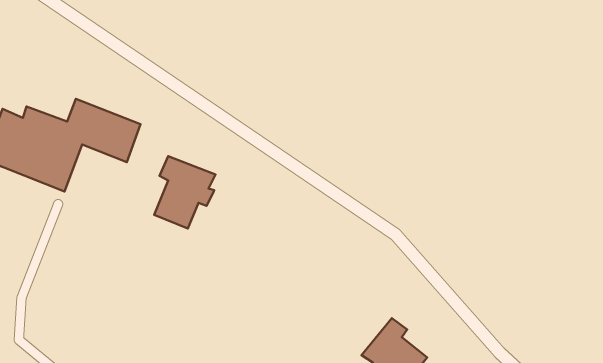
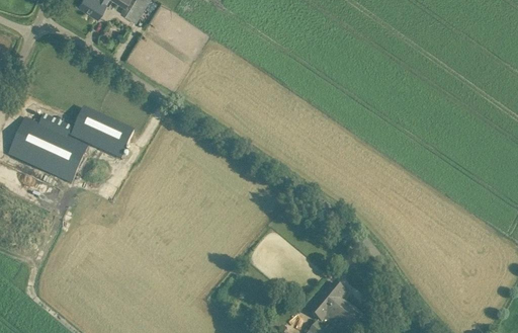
building: [154,156,216,228] -> none

